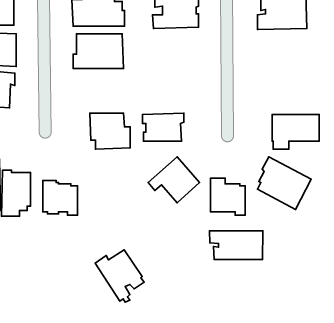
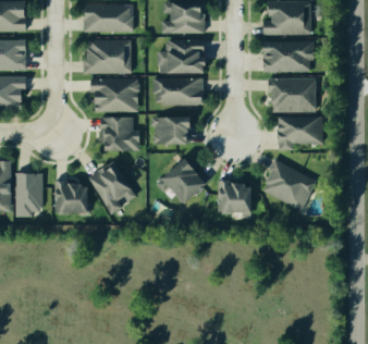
building: none -> [158,40,207,73]
building: none -> [263,41,315,72]
building: none -> [90,77,138,112]
building: none -> [152,77,205,105]
building: none -> [268,78,316,112]
building: [210,231,263,260] -> none
building: [95,250,144,302] -> [88,164,136,216]

